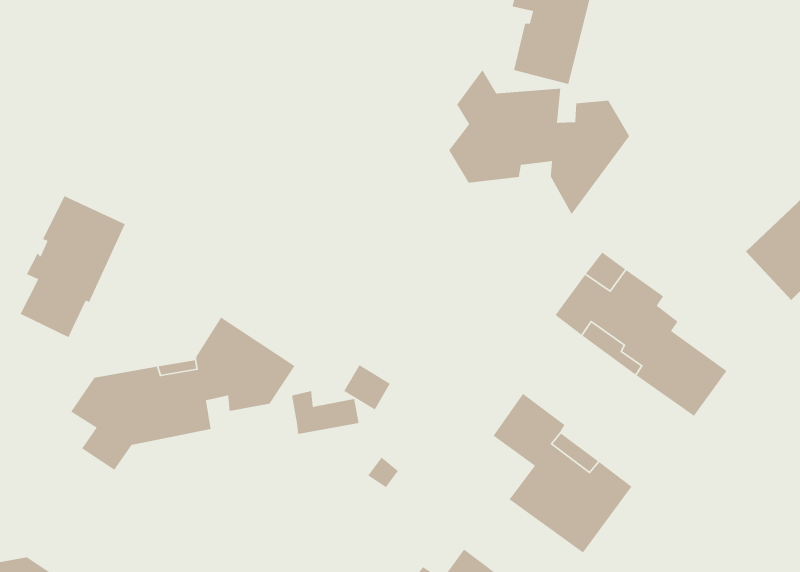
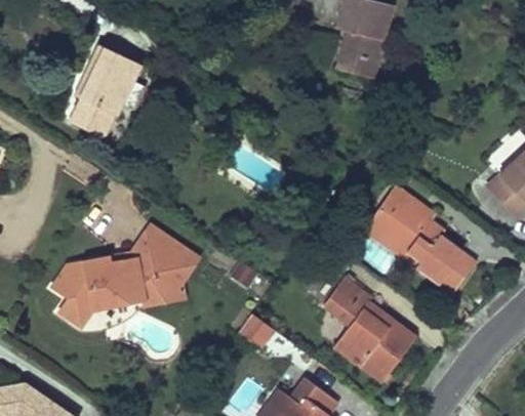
building: [448,69,630,215] -> none
building: [20,195,126,338] -> [71,44,139,136]
building: [291,390,360,435] -> [139,279,184,307]

